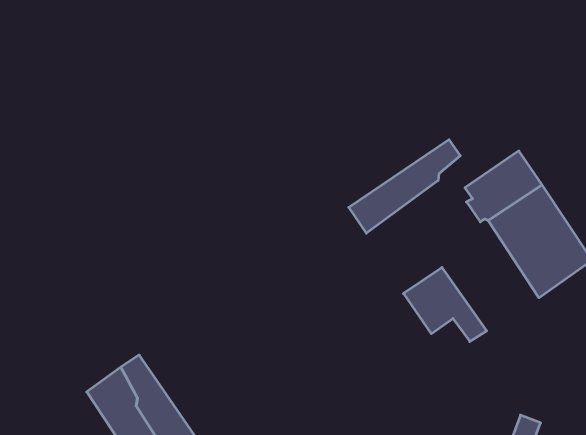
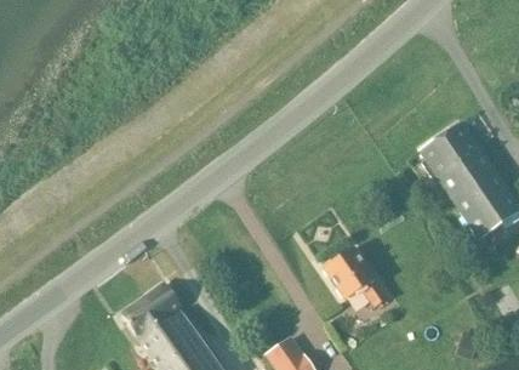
building: [349,140,460,233] -> none
building: [403,267,487,342] -> [320,247,386,306]

